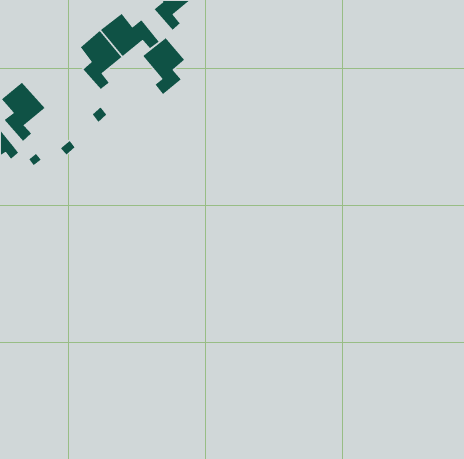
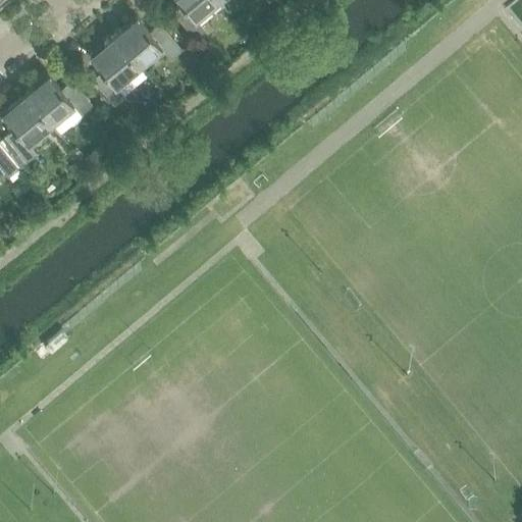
building: [142,37,185,95] -> none
building: none -> [24,77,92,138]

